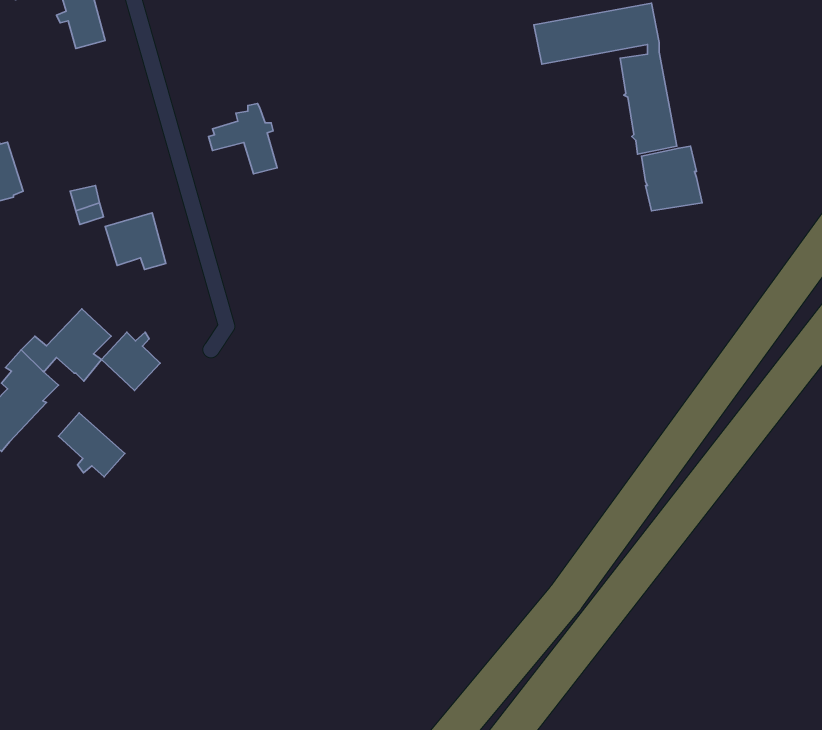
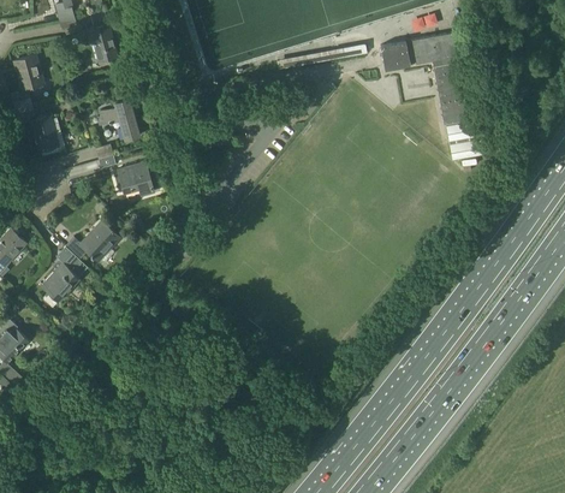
building: [209,103,277,174] -> [97,96,139,139]
building: [101,332,160,391] -> none
building: [58,413,125,477] -> none

